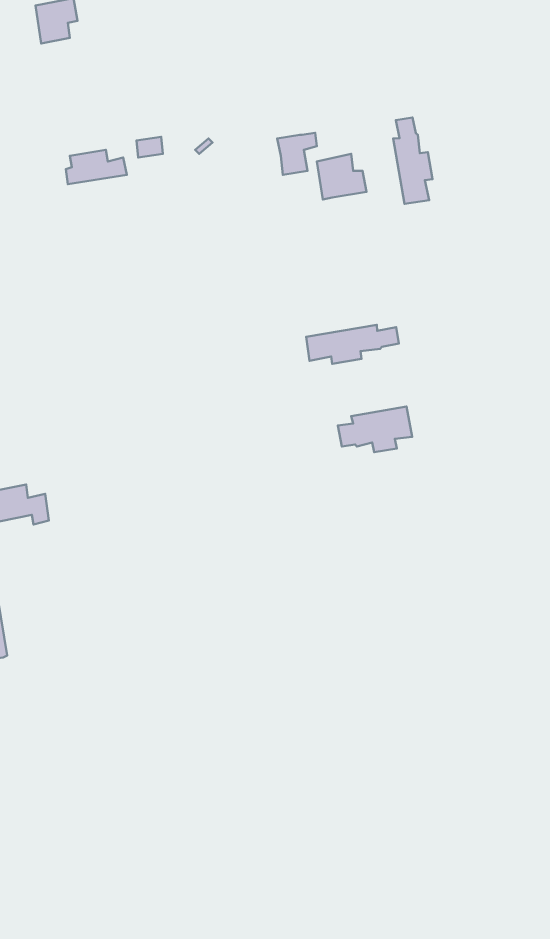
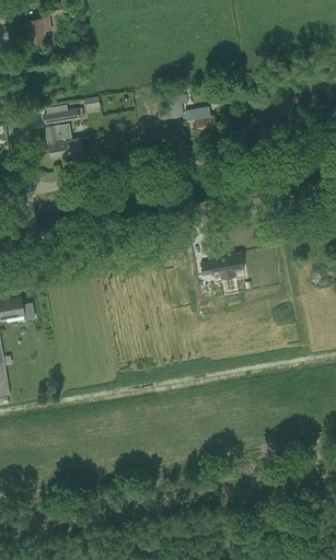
building: [393,118,433,204] -> none
building: none -> [46,125,83,156]
building: [306,325,399,364] -> none

